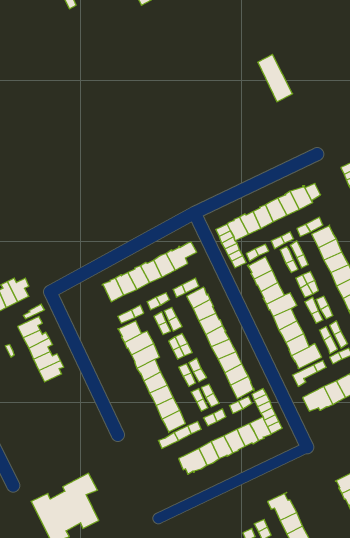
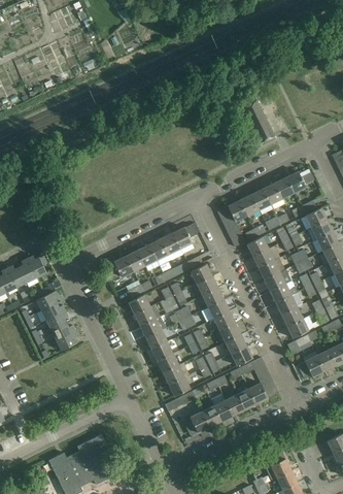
building: [258,54,293,102] -> [243,100,275,143]

